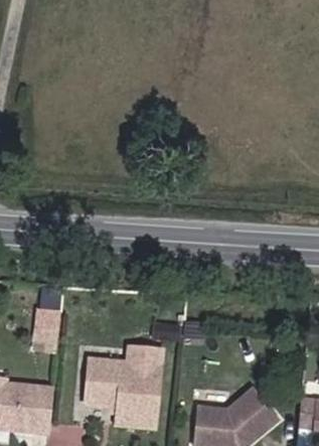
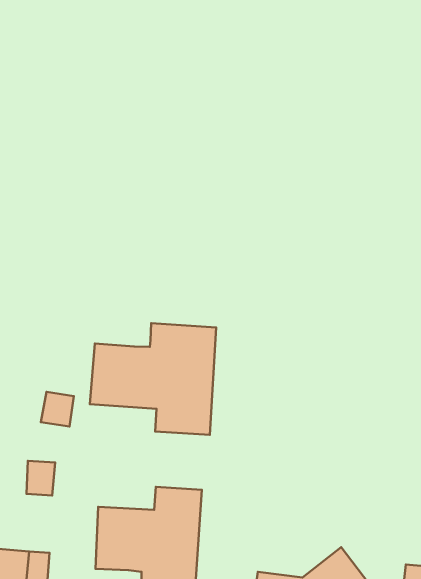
building: none -> [90,323,216,435]

